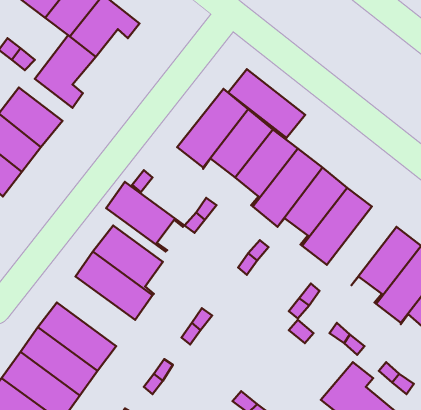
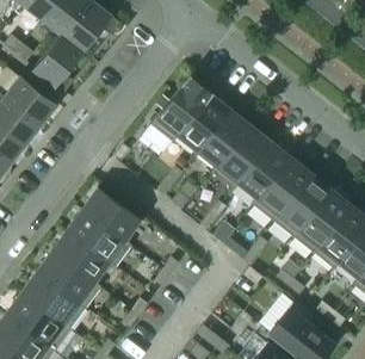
building: [228,69,305,138] -> none
building: [106,182,184,252] -> [52,230,117,287]
building: none -> [274,173,332,237]

